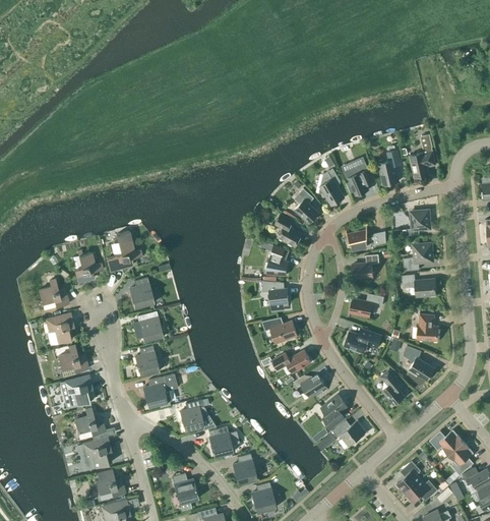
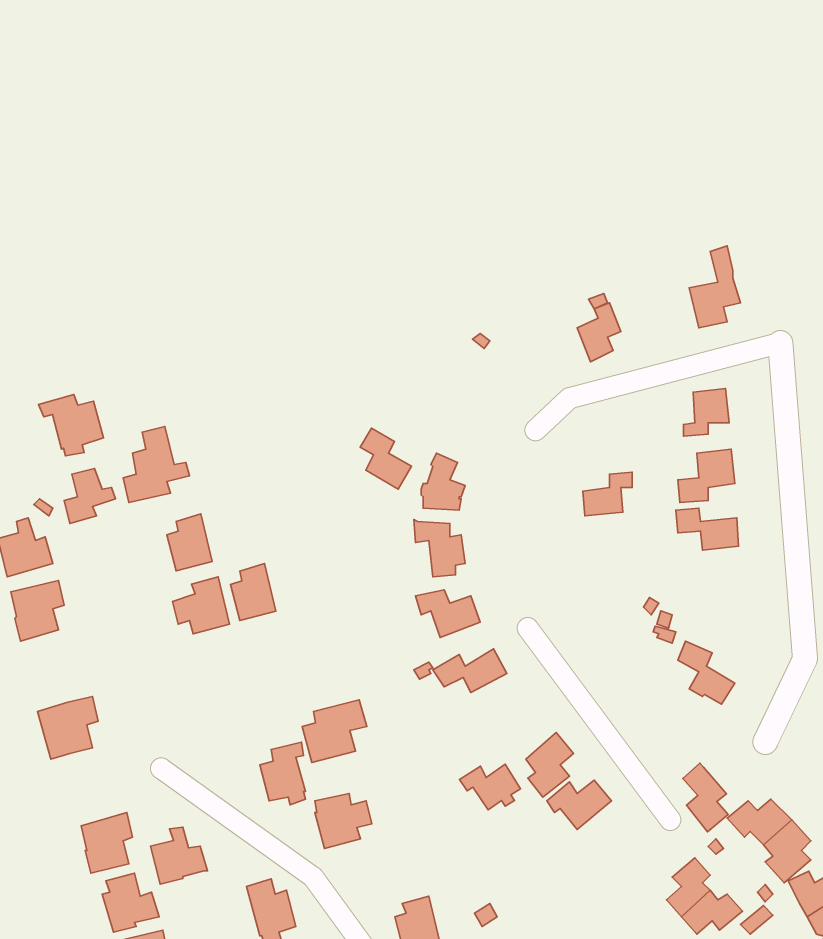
building: [378,150,401,184] -> none
building: [318,168,343,204] -> none
building: [294,188,319,223] -> none
building: none -> [39,394,103,456]
building: [274,214,302,246] -> [360,428,411,489]
building: [345,225,387,249] -> none
building: [350,293,383,316] -> none
building: [417,313,438,341] -> none
building: [344,328,381,353] -> none
building: [58,345,87,377] -> none
building: [134,345,159,375] -> [230,564,276,621]
building: [380,368,405,405] -> [683,763,728,832]
building: [294,372,326,397] -> [460,764,520,810]
building: [142,373,177,407] -> [302,700,367,763]
building: [74,408,105,439] -> [151,827,208,884]
building: [232,453,256,483] -> none

